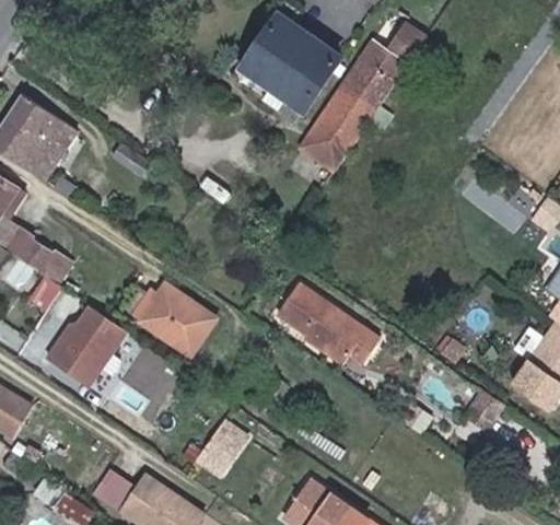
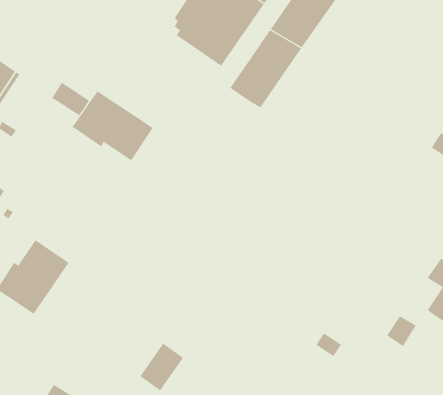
building: none -> [72,90,154,161]
building: [135,281,211,351] -> none
building: [275,282,377,362] -> none

